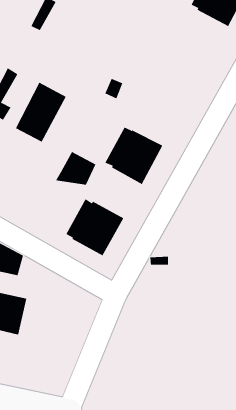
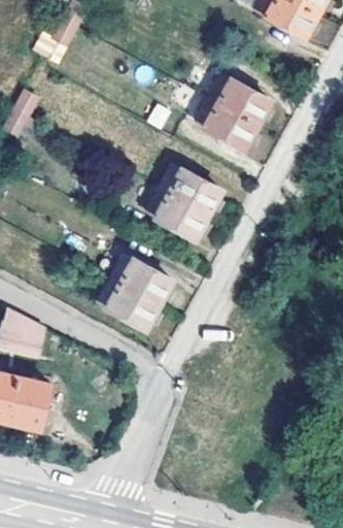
building: none -> [197,74,271,147]
building: [15,82,66,142] -> none
building: [55,151,96,185] -> none

